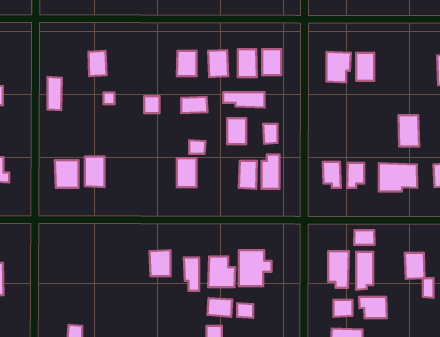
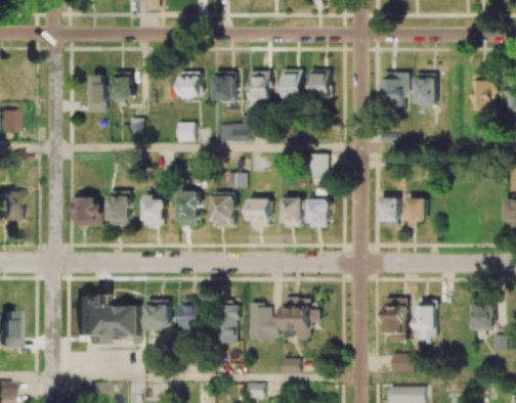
building: none -> [179,73,200,99]
building: [48,77,62,110] -> [87,75,103,113]
building: [223,92,265,107] -> none
building: [398,115,419,147] -> [471,75,494,110]
building: [227,118,246,144] -> [248,197,269,227]
building: none -> [176,191,198,227]
building: none -> [141,195,164,226]
building: [379,163,417,192] -> none
building: [354,230,375,245] -> none
building: none -> [74,296,138,345]
building: none -> [144,300,169,329]
building: [359,297,387,318] -> none
building: [207,298,232,317] -> none

